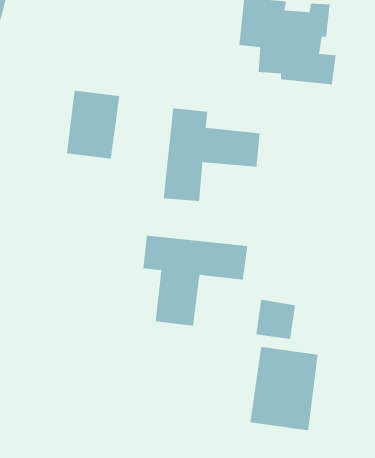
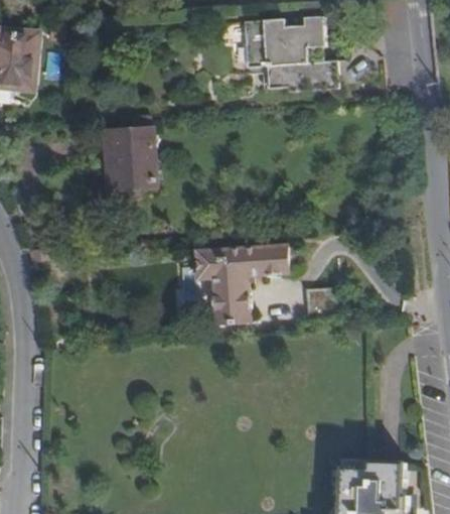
building: [163,107,260,202] -> none
building: [250,346,318,431] -> none

